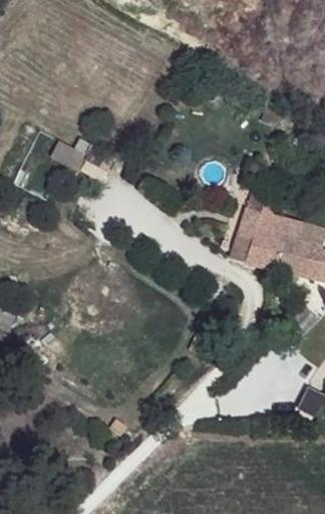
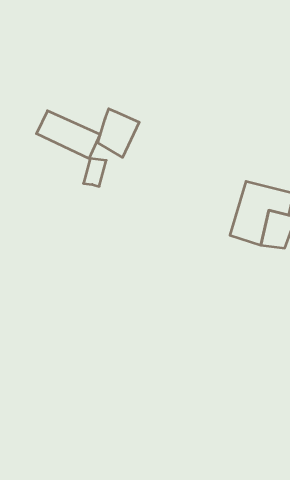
building: none -> [98,109,139,157]

